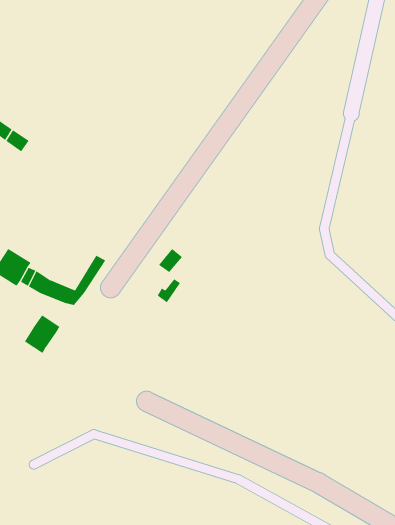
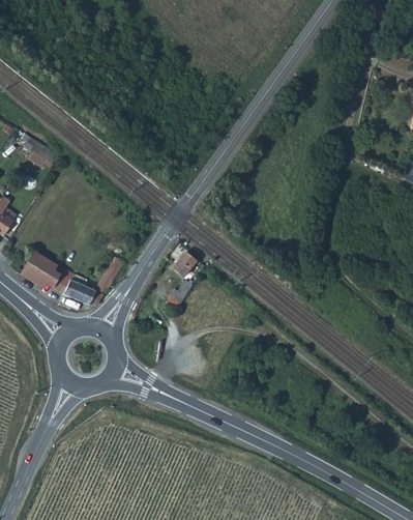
building: [24,315,60,354] -> none

